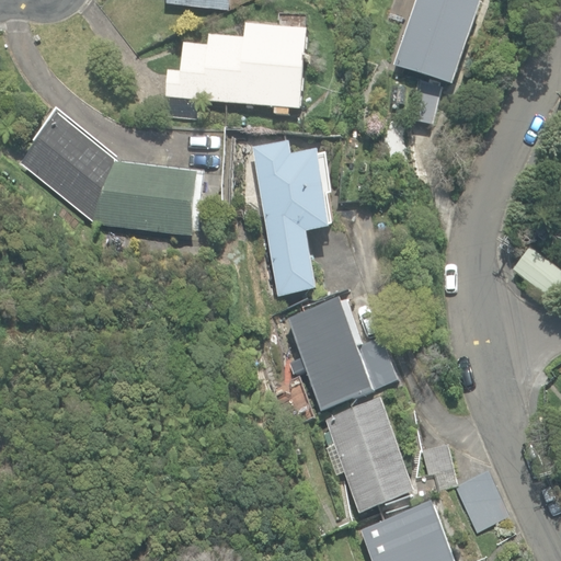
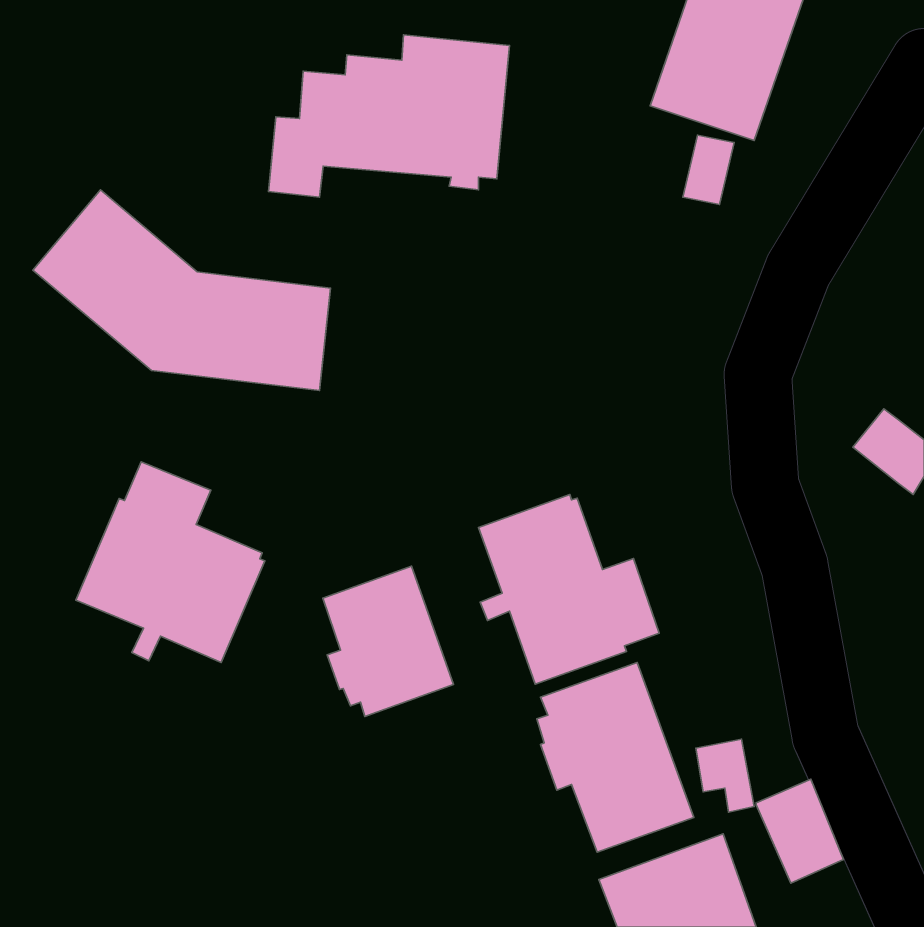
building: [251,140,331,295] -> none
building: none -> [76,462,265,662]
building: none -> [323,566,453,716]

